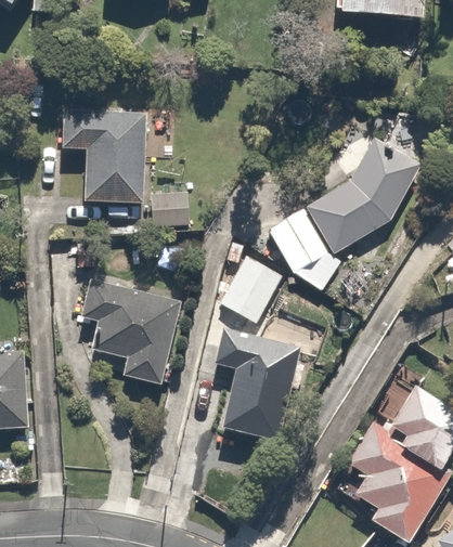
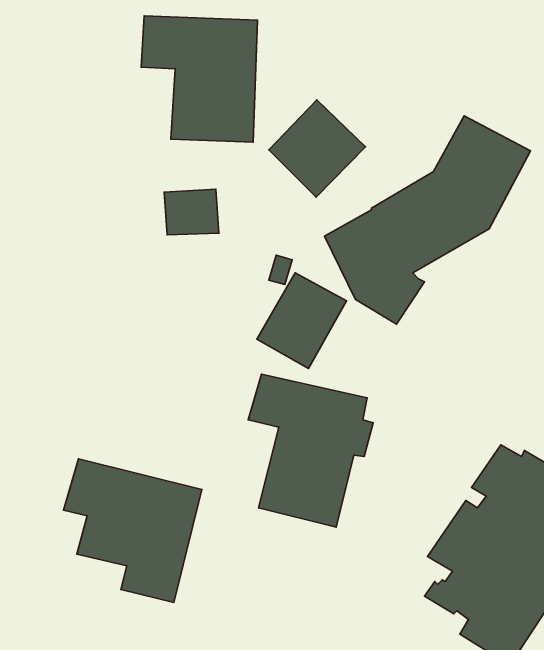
building: [61,109,146,203] -> [141,16,257,142]
building: none -> [269,100,366,197]
building: [79,278,181,385] -> [64,459,202,603]

